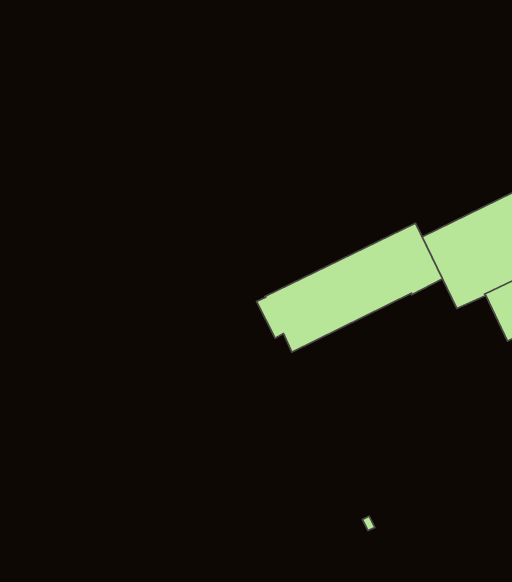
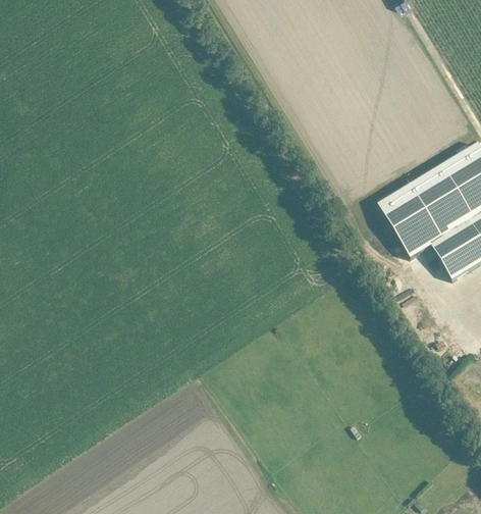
building: [256,223,443,352] -> none

